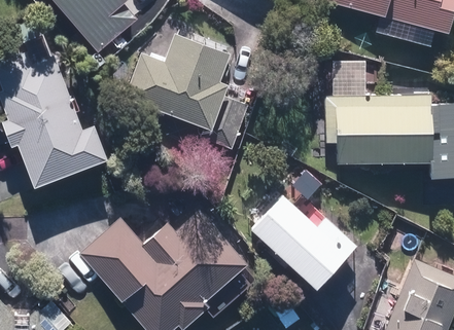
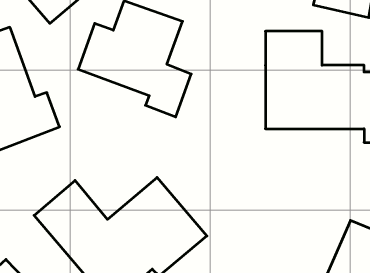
building: [251,195,354,288] -> none

